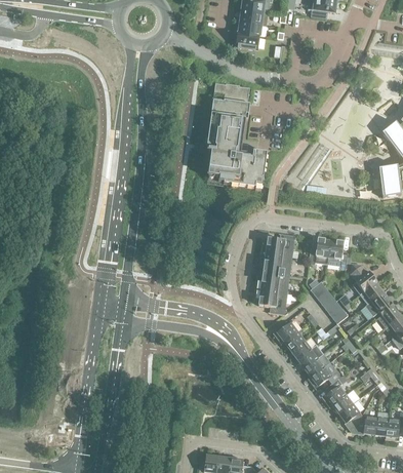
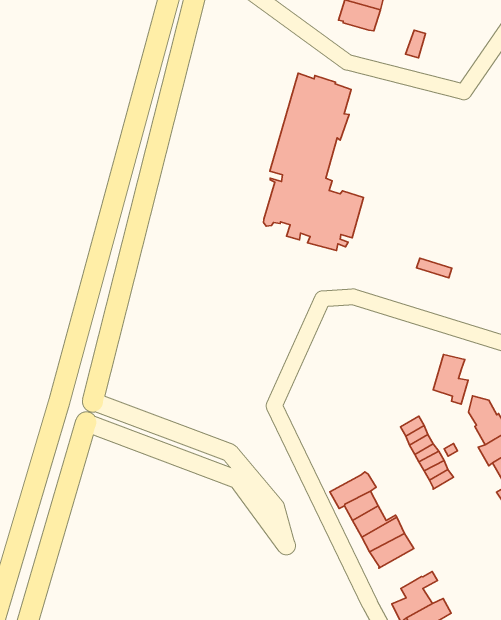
building: [253,233,294,314] -> none
building: [308,238,329,265] -> none
building: [307,361,339,388] -> none

